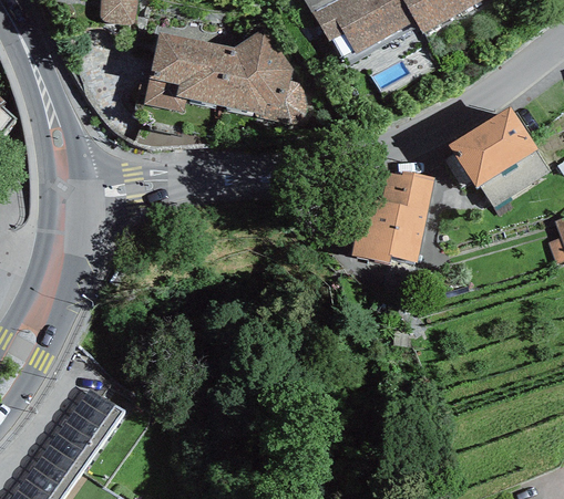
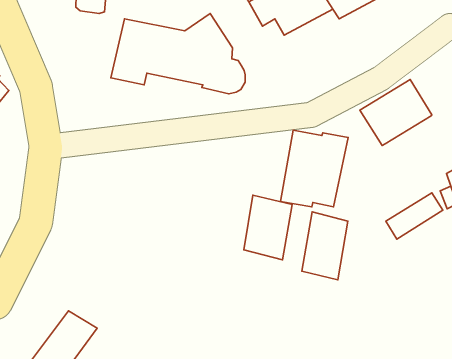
building: [479,150,548,207] -> [386,193,443,239]
building: none -> [244,195,292,260]
building: none -> [302,212,348,280]

